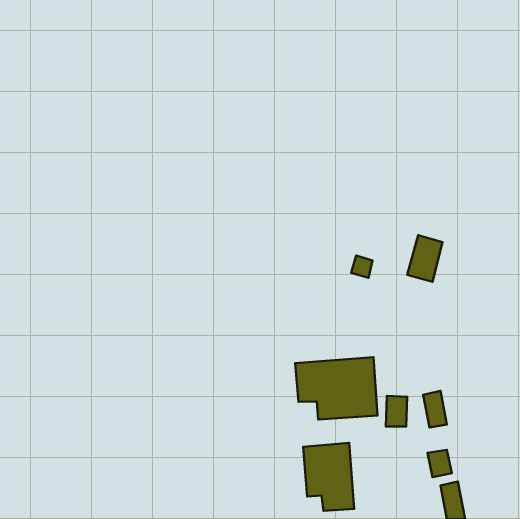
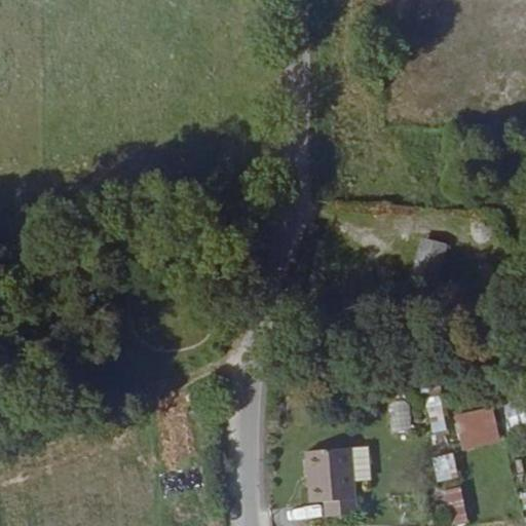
building: [295,357,377,420] -> none
building: none -> [457,408,499,446]

